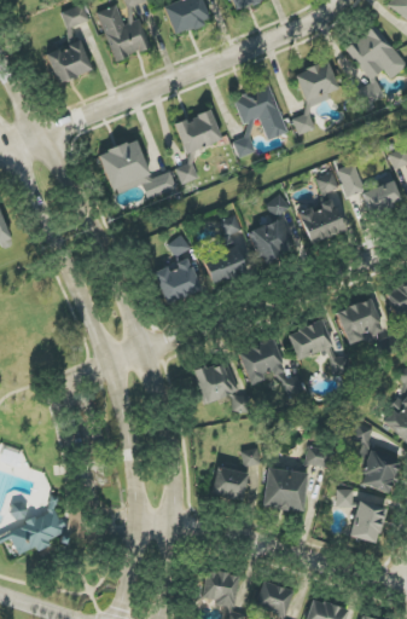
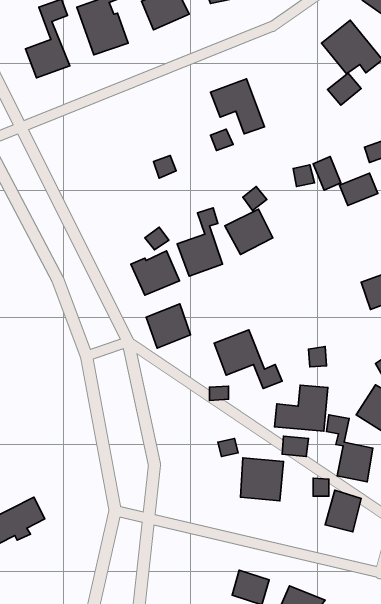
building: [292,60,338,134] -> none
building: [174,110,221,154] -> none
building: [98,139,176,199] -> none
building: [297,199,344,244] -> none
building: [336,297,383,345] -> none
building: [287,320,332,359] -> none
building: [193,359,238,404] -> [146,304,190,348]
building: none -> [274,385,328,431]
building: [210,467,248,501] -> none
building: [200,569,238,607] -> none

